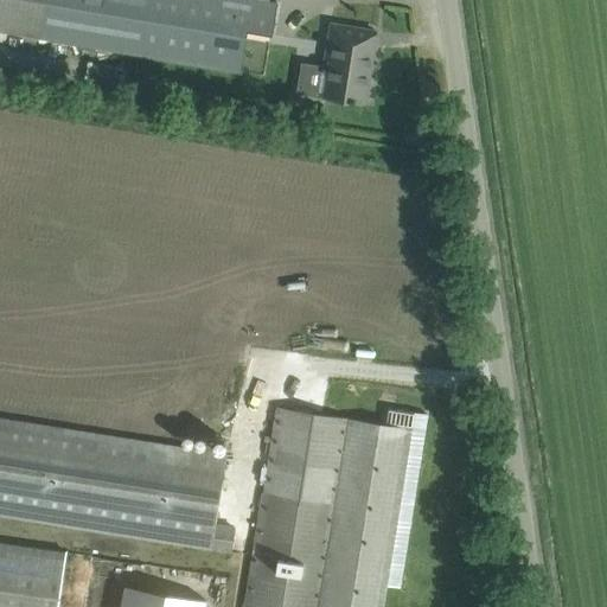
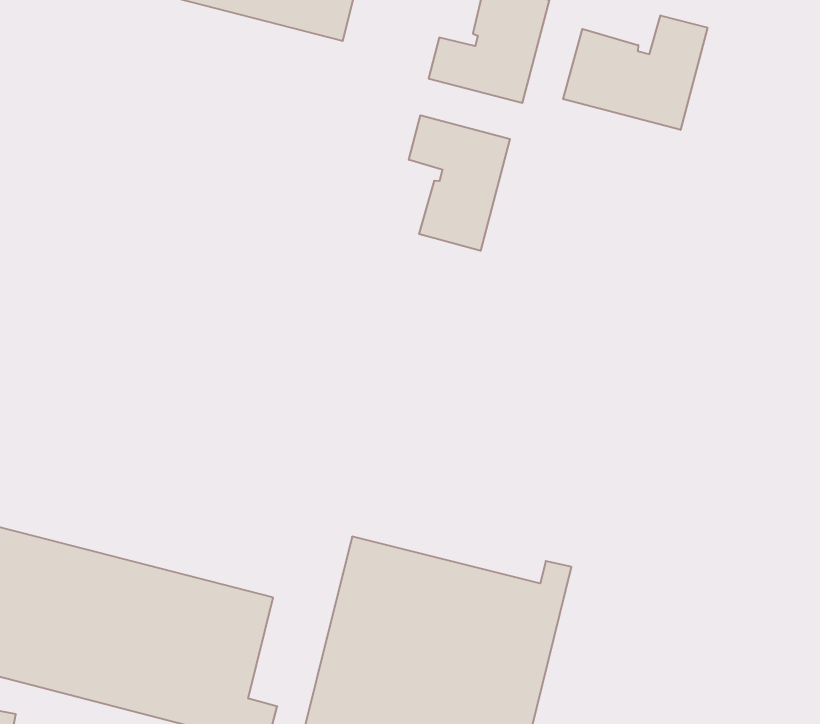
building: none -> [563,15,707,130]
building: none -> [409,115,510,251]

